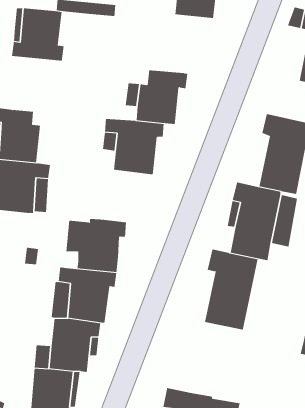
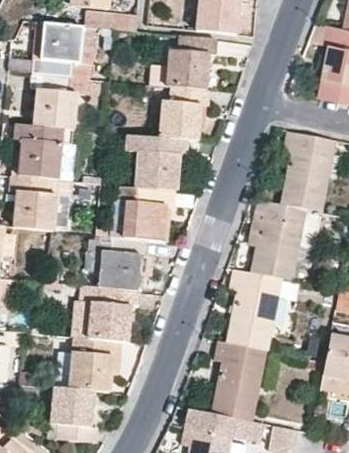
building: none -> [164,37,216,90]
building: none -> [30,73,88,130]
building: none -> [119,187,174,243]
building: none -> [212,341,266,420]

